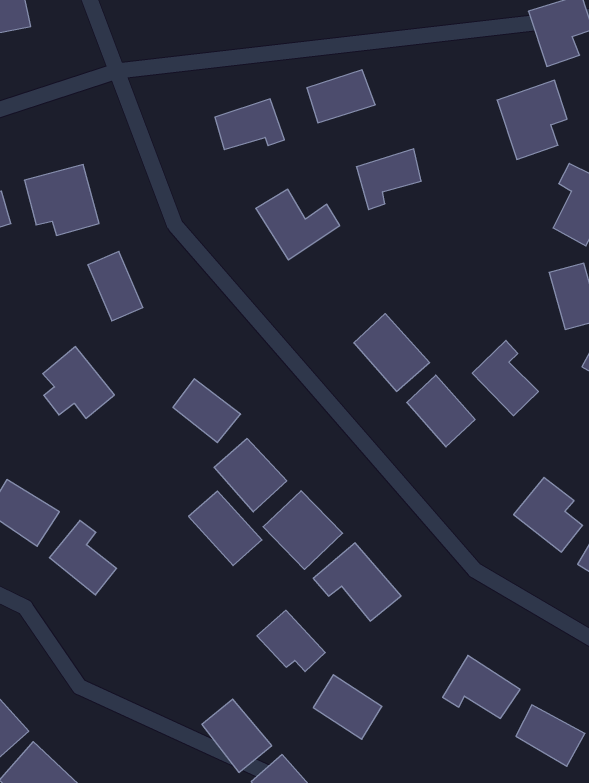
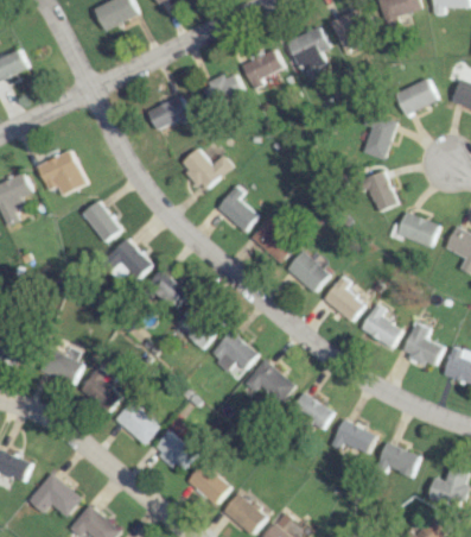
building: [497,80,567,159] -> [286,25,330,76]
building: [356,149,421,210] -> [242,49,282,89]
building: none -> [215,188,259,232]
building: [472,340,538,416] -> [323,276,364,321]
building: [43,347,114,418] -> [106,238,151,280]
building: [189,491,262,566] -> [115,400,161,444]
building: [257,610,325,672] -> [154,431,197,467]
building: [313,675,382,739] -> [292,393,333,430]

